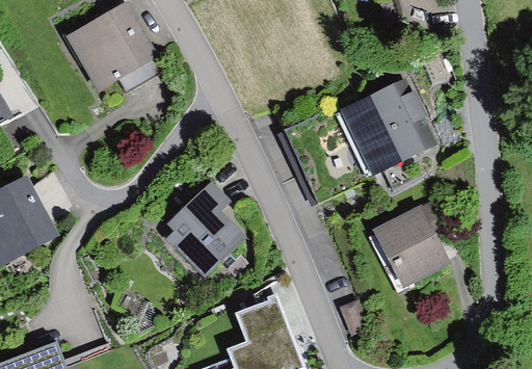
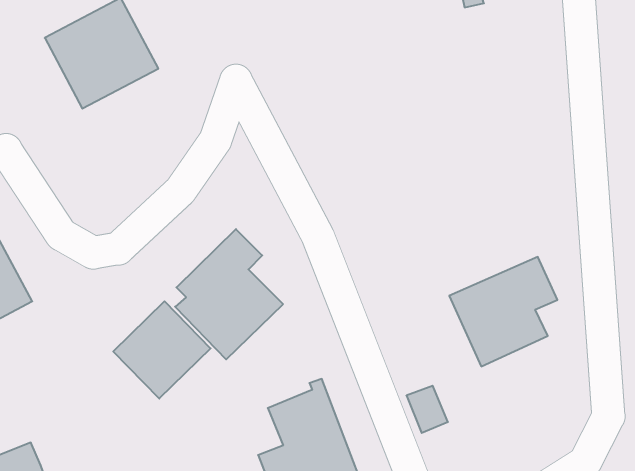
building: [343,80,437,175] -> none
building: none -> [113,301,211,399]

